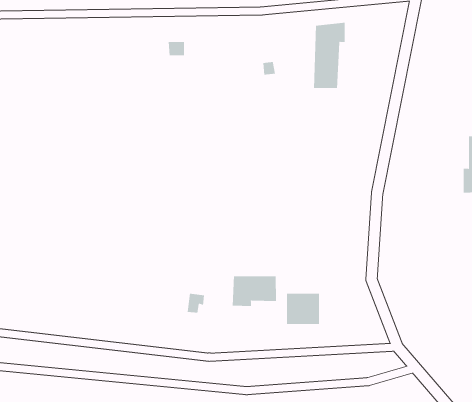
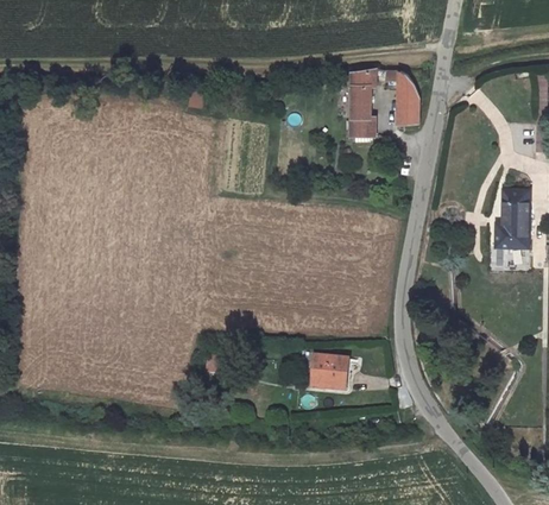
building: none -> [385,67,418,124]
building: [232,276,277,307] -> none

